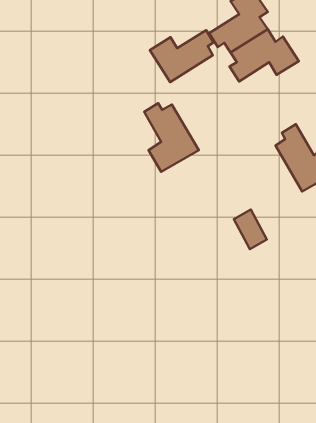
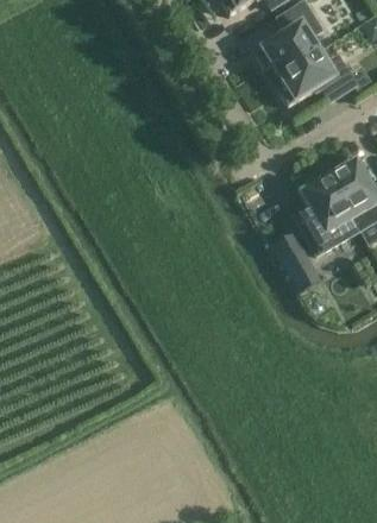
building: [150,30,213,82] -> none
building: [144,103,199,172] -> [299,176,359,252]

